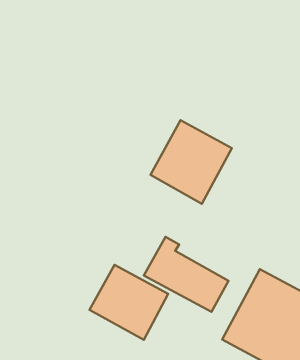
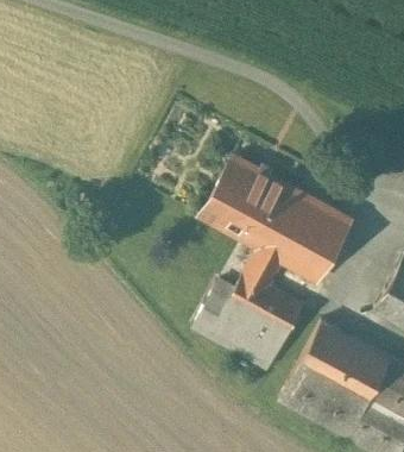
building: none -> [229,187,352,334]
building: [90,265,168,340] -> none

